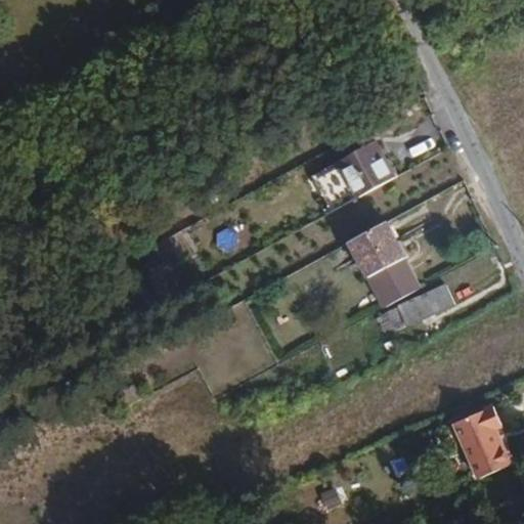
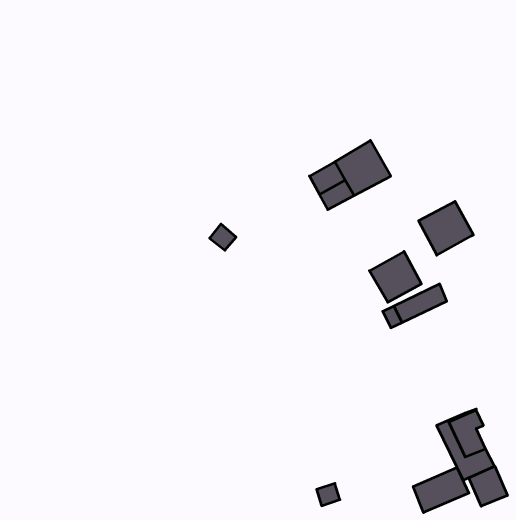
building: [353,218,408,272] -> [419,201,473,255]
building: none -> [469,466,507,506]
building: none -> [413,467,469,513]

